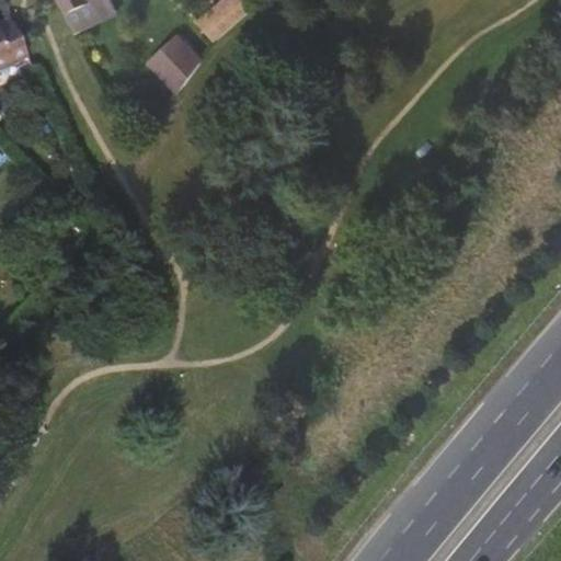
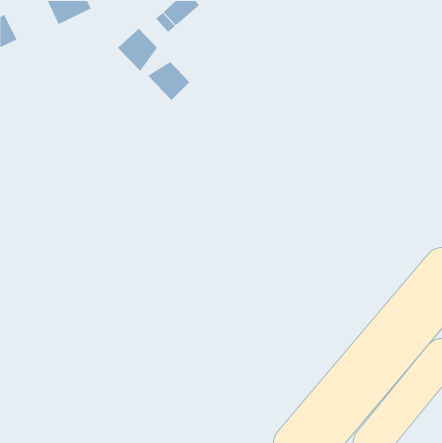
building: none -> [147,61,190,101]

